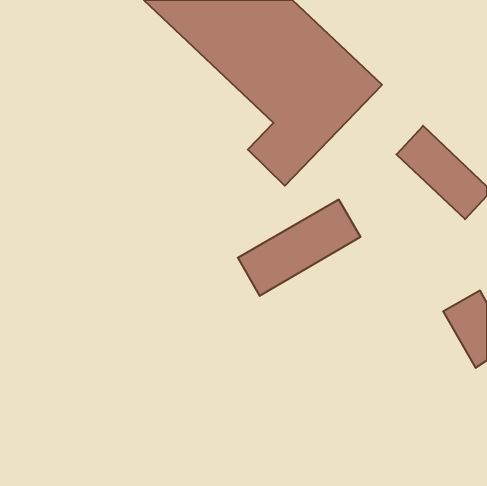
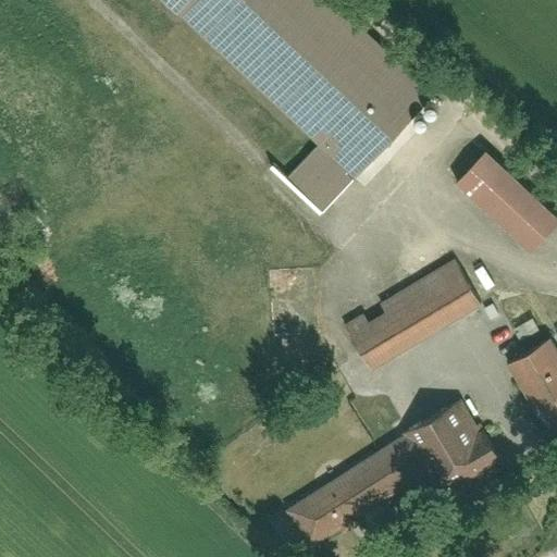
building: [238,200,361,296] -> [341,260,481,370]
building: none -> [284,401,497,549]

